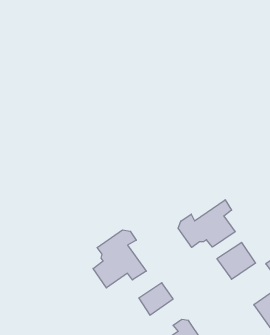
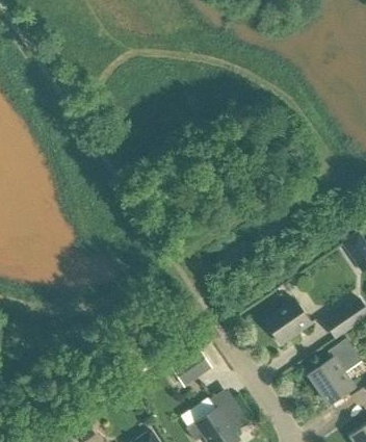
building: [178,200,235,247] -> none
building: [93,230,146,288] -> none

